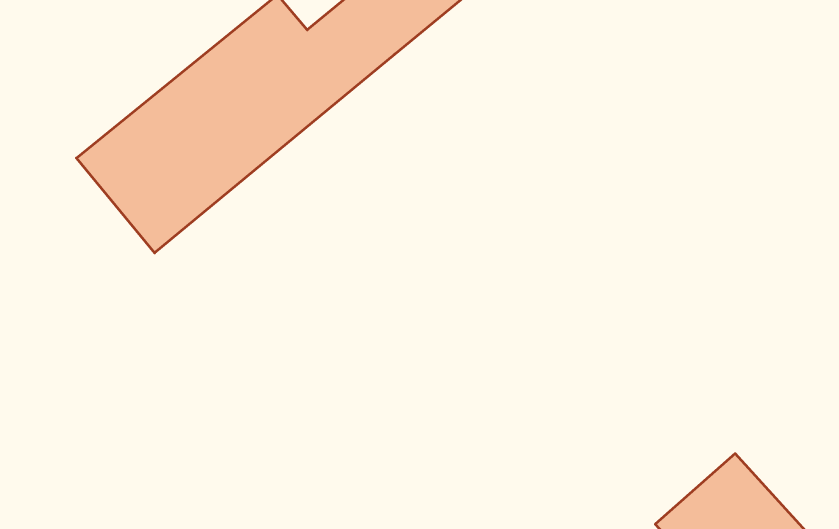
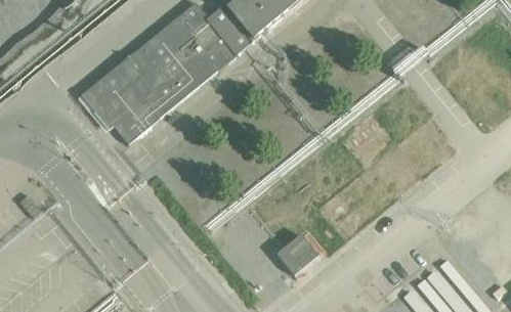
building: none -> [273,233,315,275]

